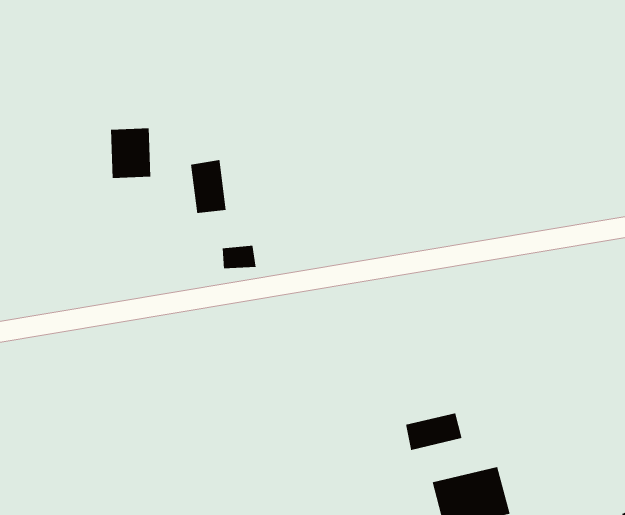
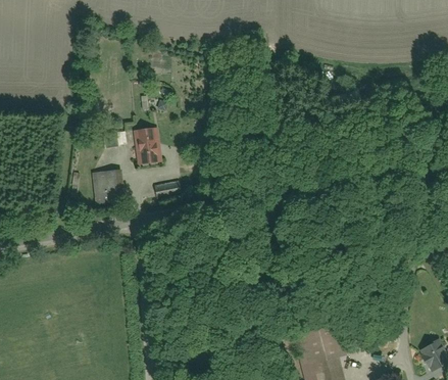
building: [110,128,151,179] -> [95,170,121,202]
building: [406,412,462,451] -> none

